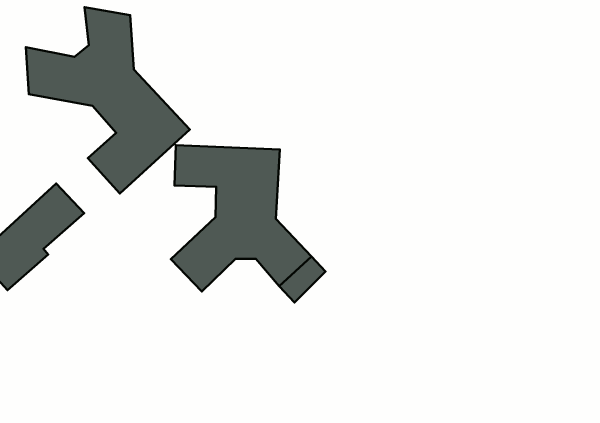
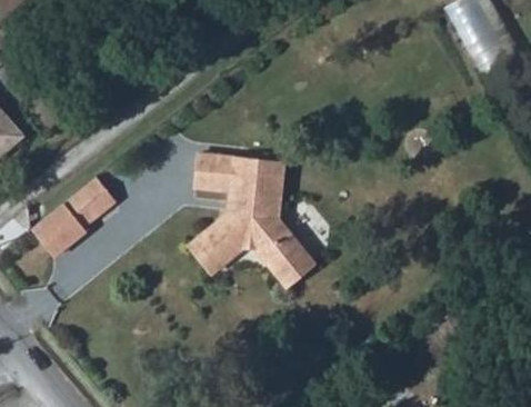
building: [26,7,190,193] -> none

